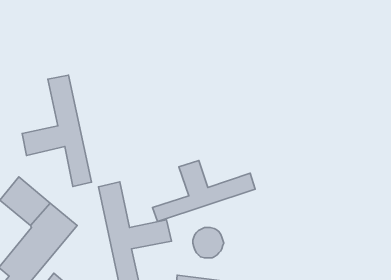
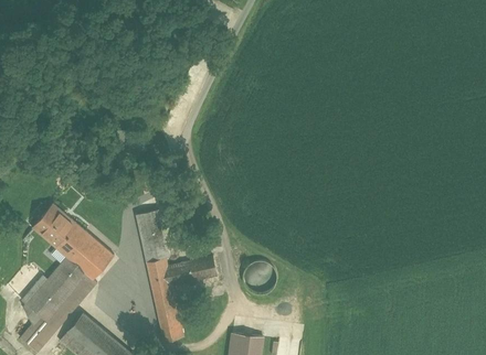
building: [22,75,91,186] -> none
building: [153,160,255,222] -> none

